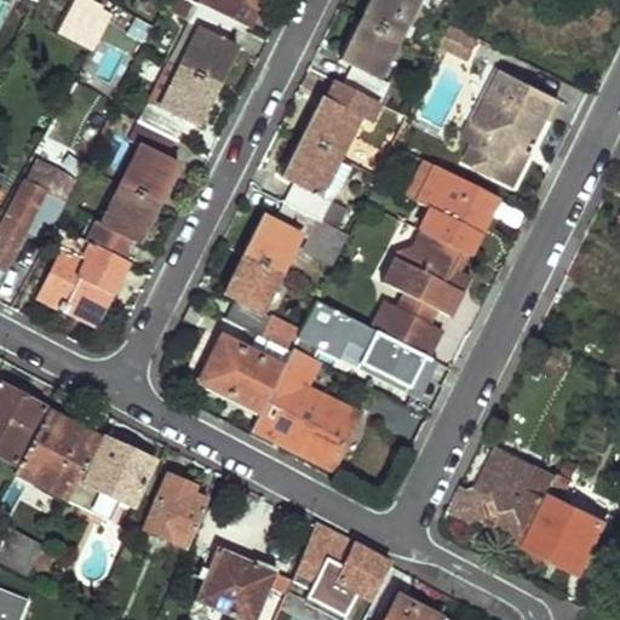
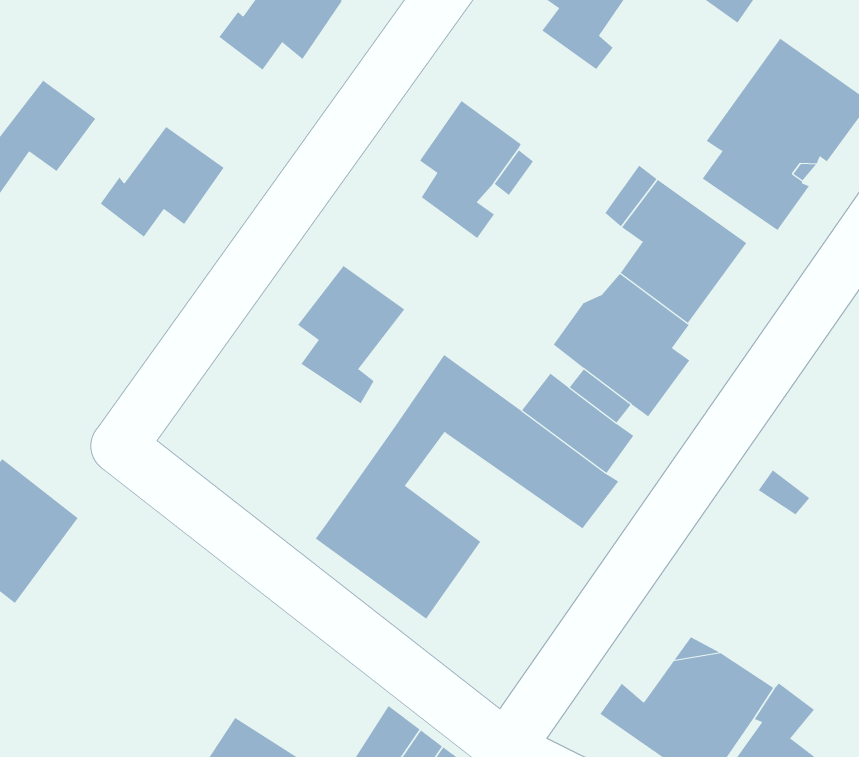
building: [302,84,384,157] -> none
building: [117,120,178,202] -> none
building: [243,201,349,274] -> none
building: [40,222,121,325] -> none
building: [197,337,292,418] -> none
building: [78,438,154,516] -> none
building: [147,475,208,547] -> none

